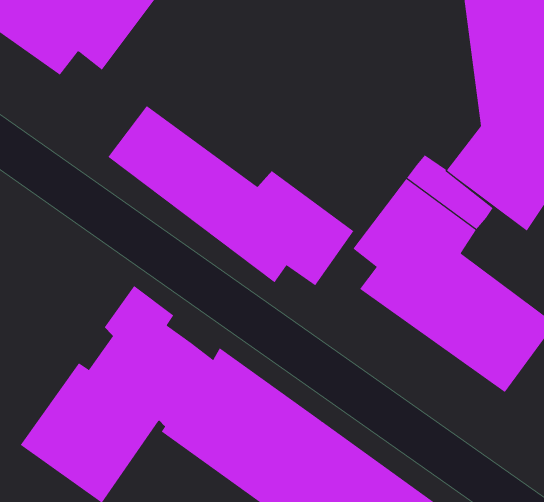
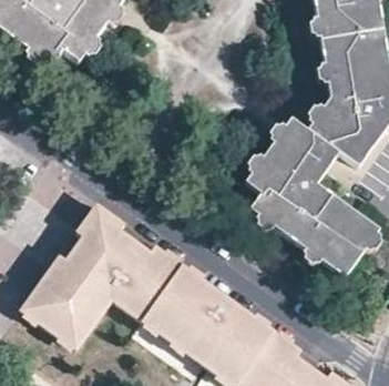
building: [108,105,354,286] -> none

